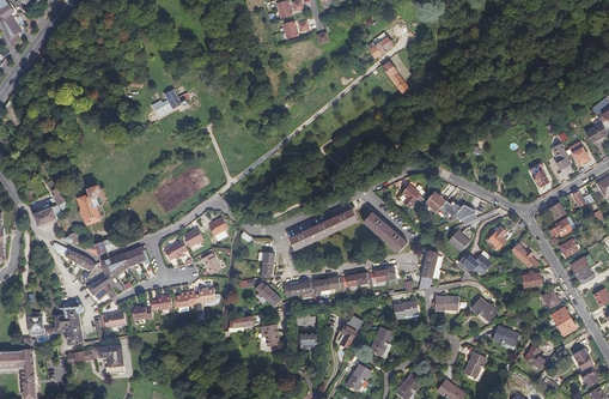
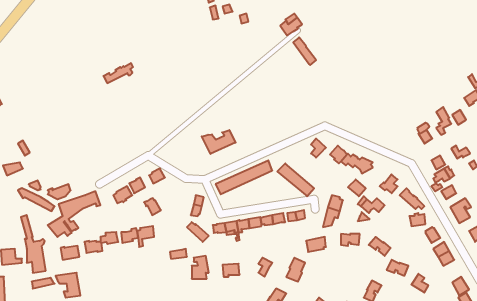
building: none -> [202,130,236,154]
building: [77,186,101,223] -> none

